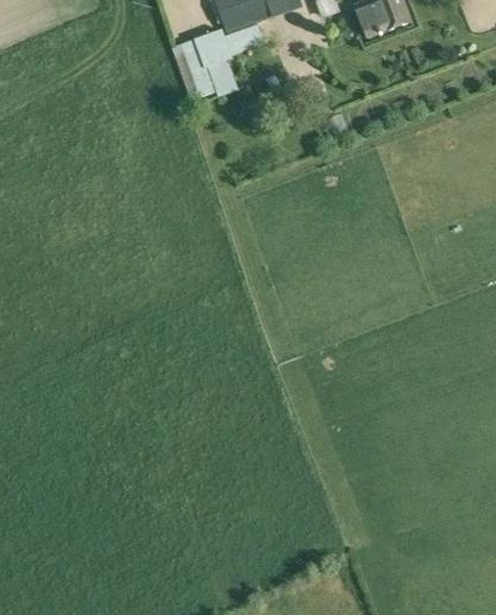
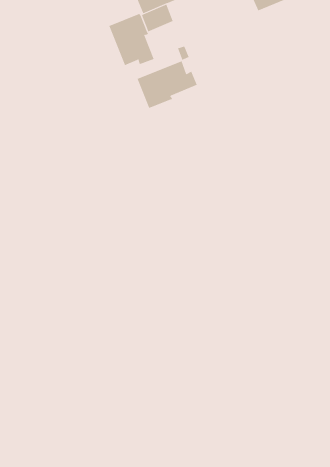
building: none -> [137,60,198,109]

